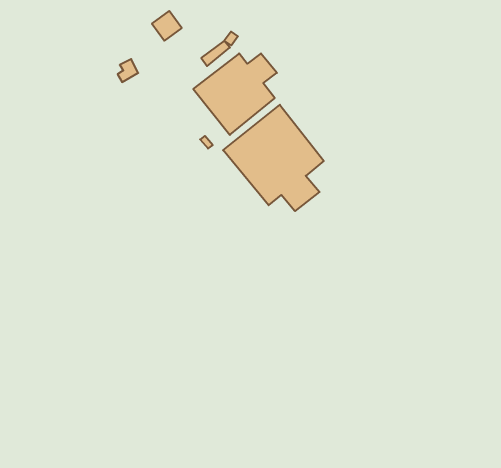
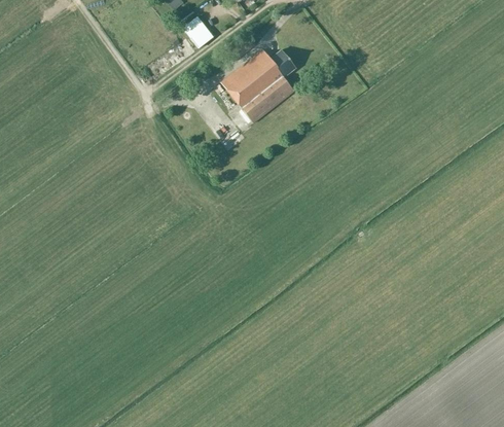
building: [223,105,324,211] -> none

